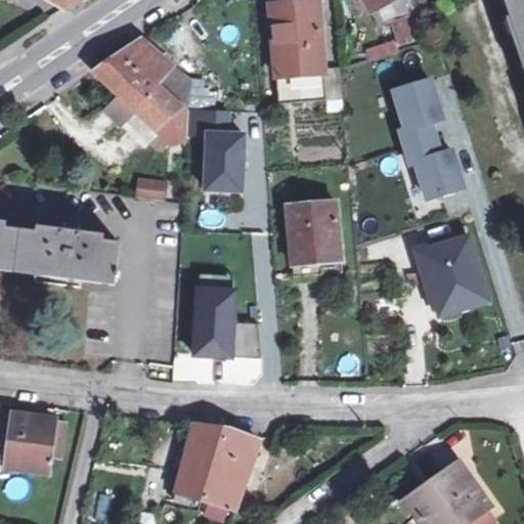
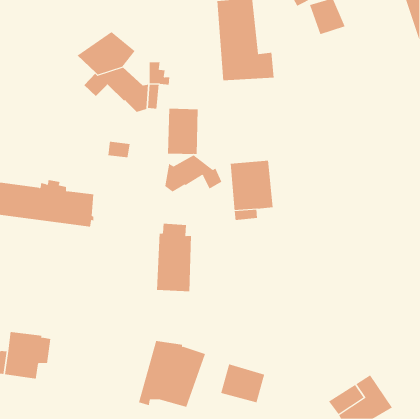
building: [152,63,184,105] -> none
building: [393,79,467,203] -> none
building: none -> [165,154,222,193]
building: [422,234,486,312] -> none
building: none -> [221,364,265,403]

